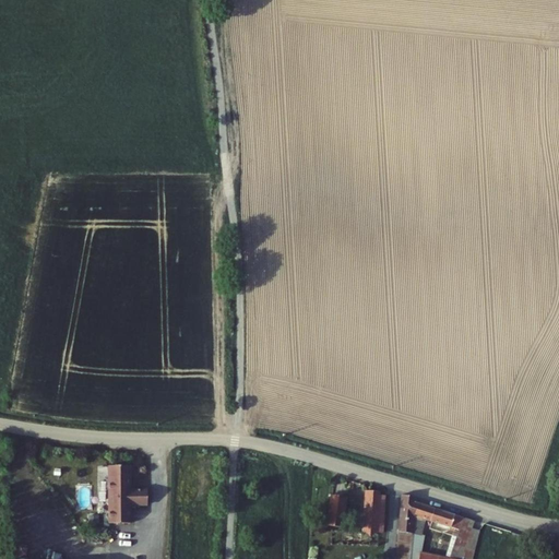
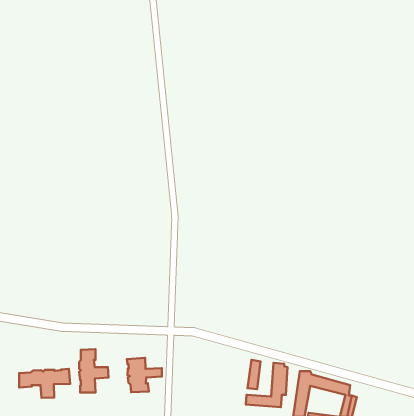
building: none -> [127,358,162,392]
building: none -> [19,369,70,398]

